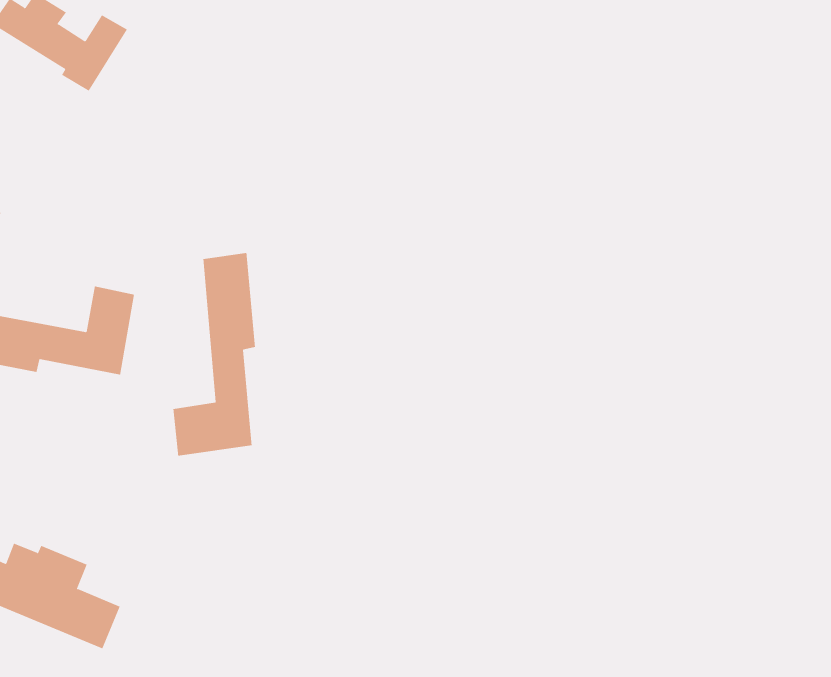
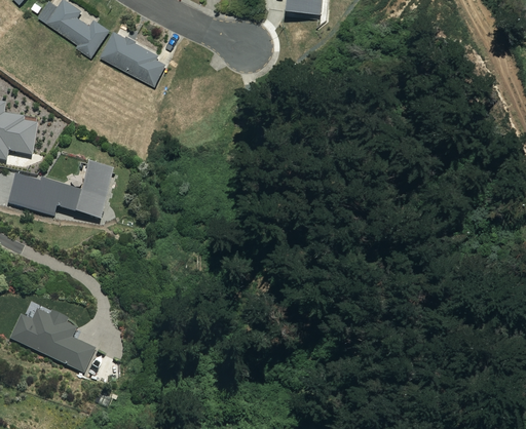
building: none -> [101,27,164,84]
building: [173,252,256,457] -> none

